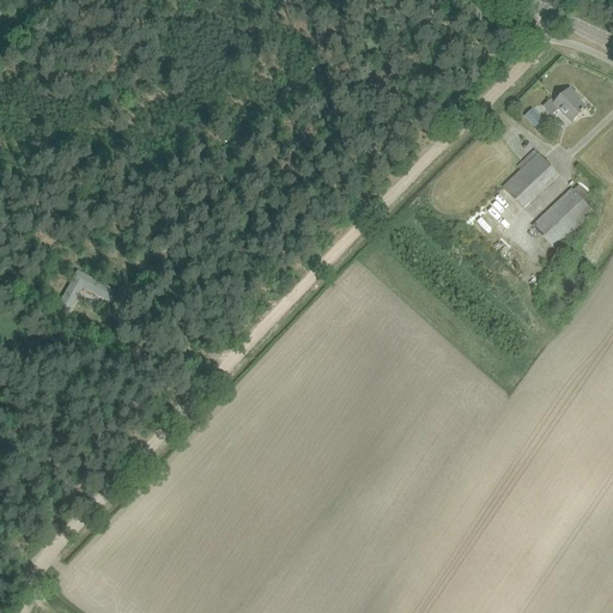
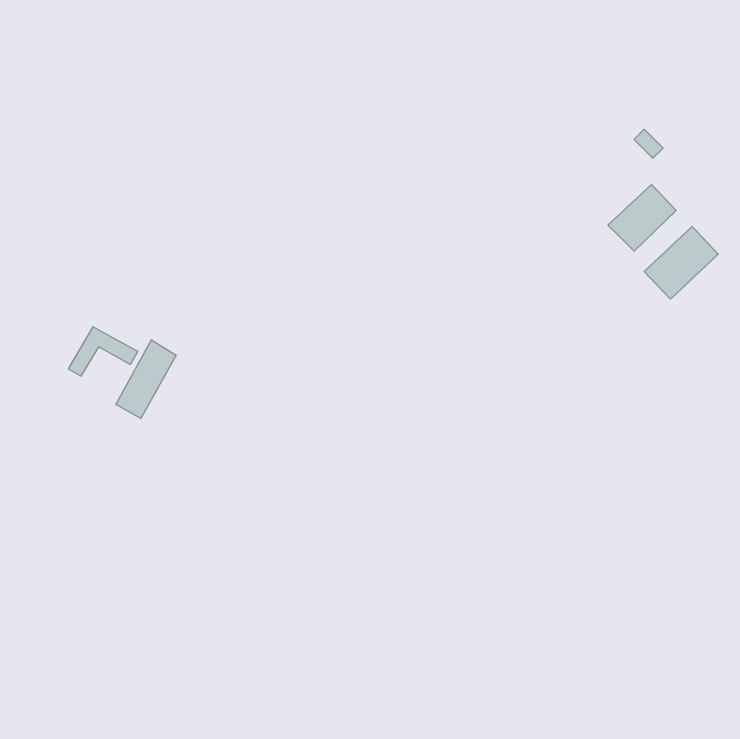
building: [542,89,585,120] -> none
building: none -> [116,340,176,418]

